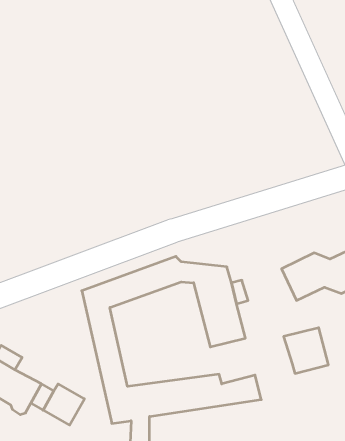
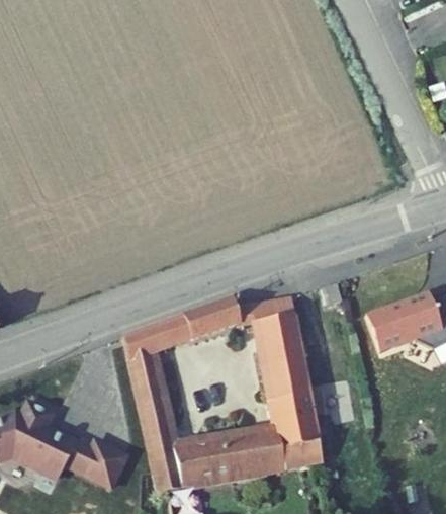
building: [284,328,328,373] -> [272,392,324,444]

